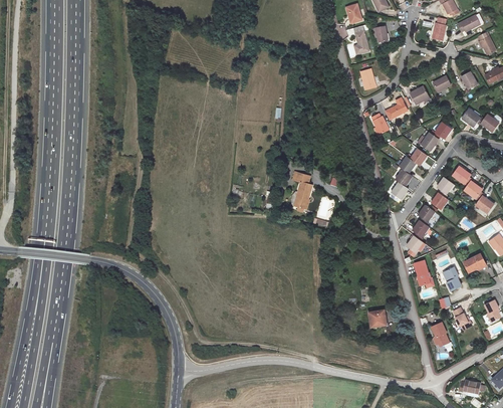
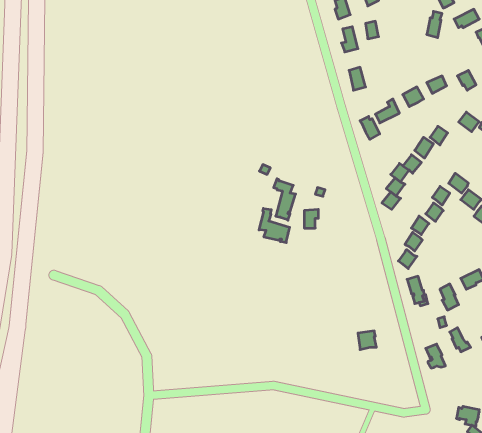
building: none -> [259,208,290,243]

